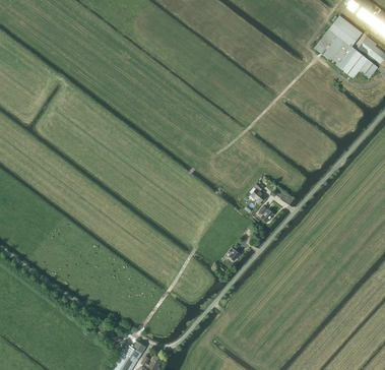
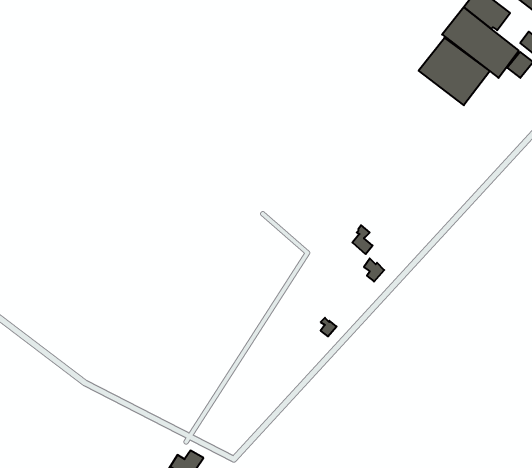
building: none -> [419,38,490,105]

